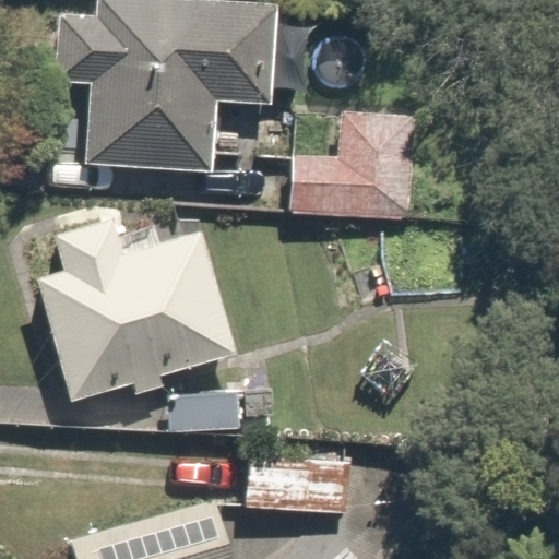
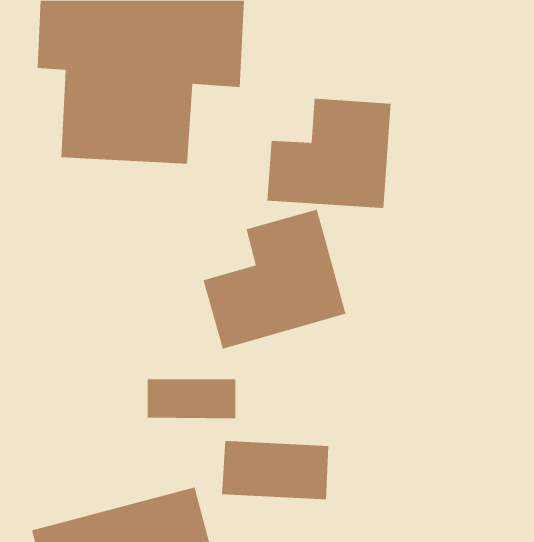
building: none -> [203,209,346,349]
building: [25,222,222,399] -> none

